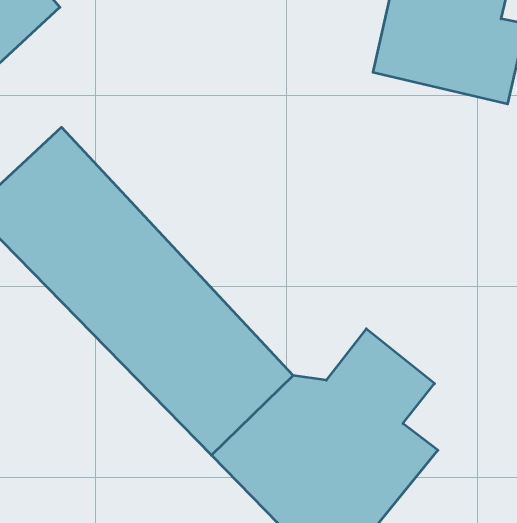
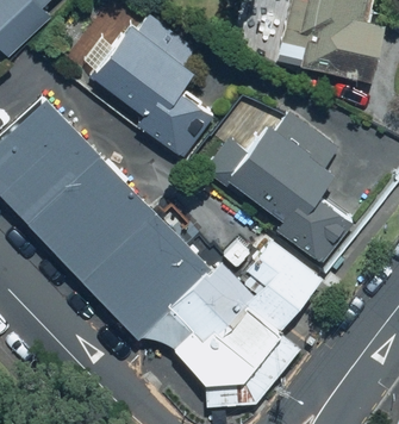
building: none -> [83,18,216,152]
building: none -> [214,111,349,261]

